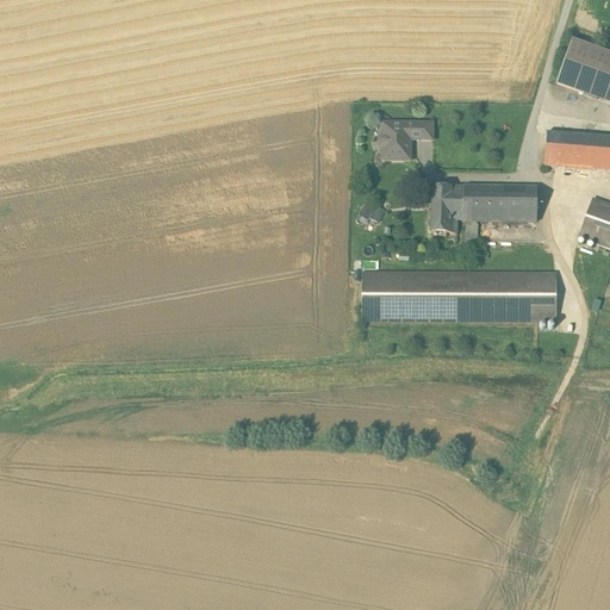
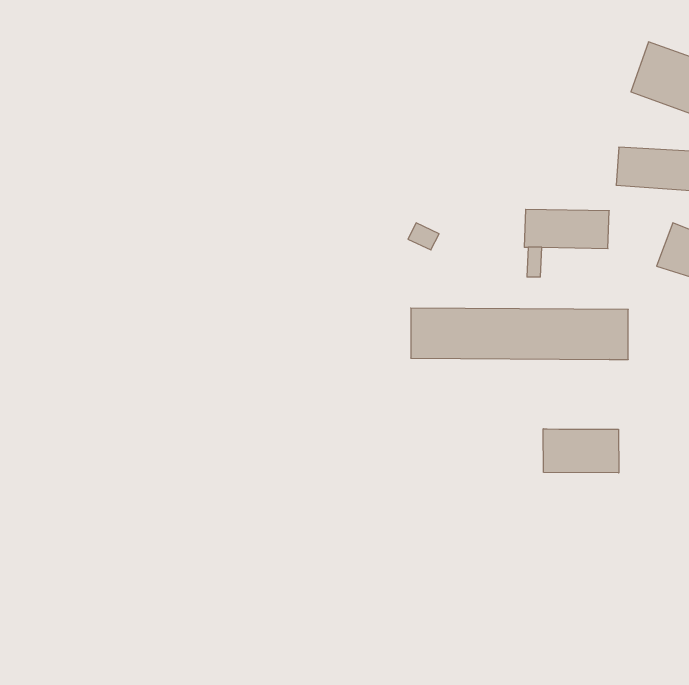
building: [380,120,434,157] -> none
building: [432,185,465,231] -> none
building: none -> [543,429,619,473]

